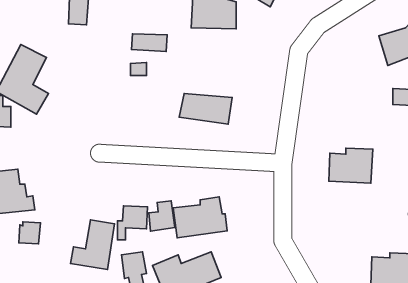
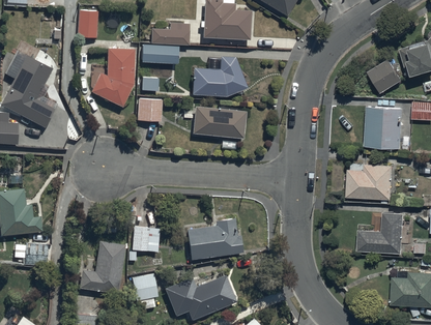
building: none -> [151,22,190,45]
building: none -> [94,50,136,109]
building: none -> [194,58,248,98]
building: none -> [369,60,403,94]
building: none -> [137,97,162,120]
building: none -> [366,108,404,150]
building: none -> [358,212,404,255]
building: [149,201,175,231] -> none

